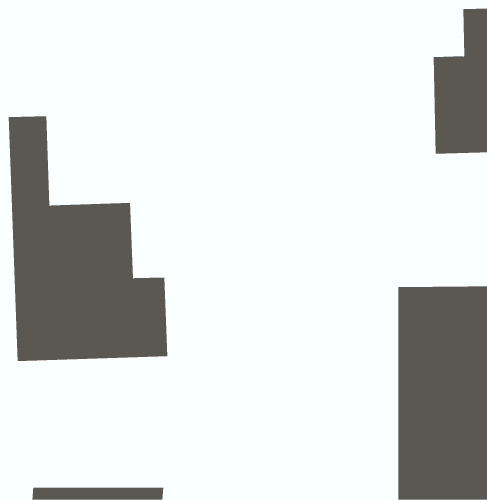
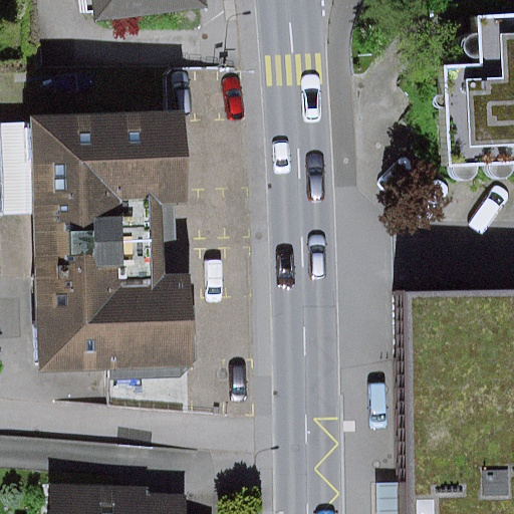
building: none -> [64,112,189,210]

